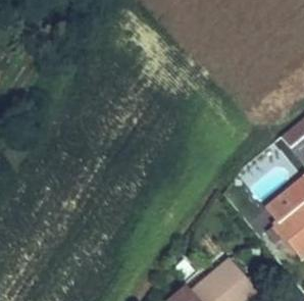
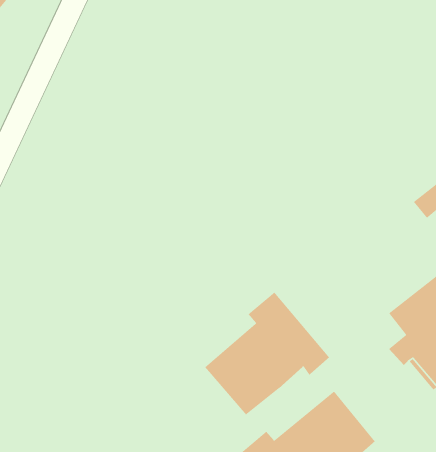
building: none -> [204,292,330,416]

